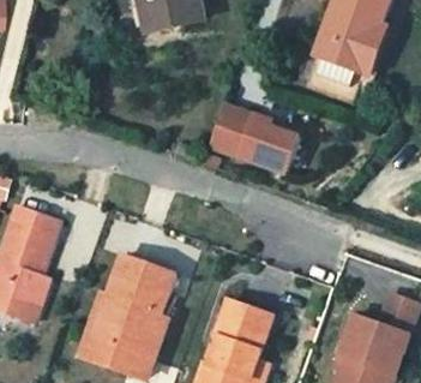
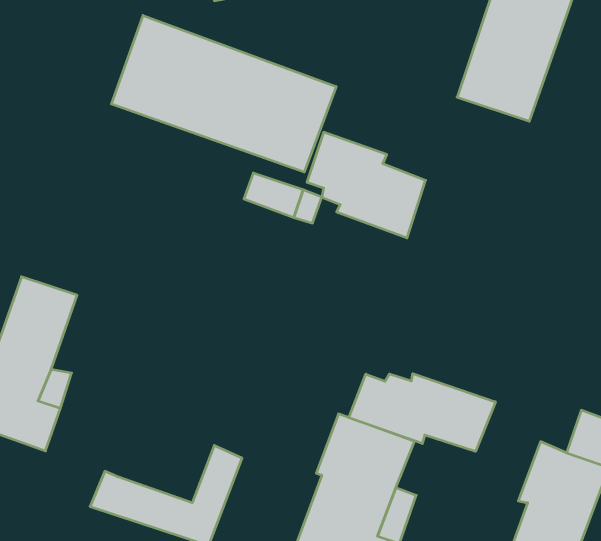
building: none -> [111,15,336,172]
building: [85,252,174,352] -> none
building: none -> [349,374,495,451]

